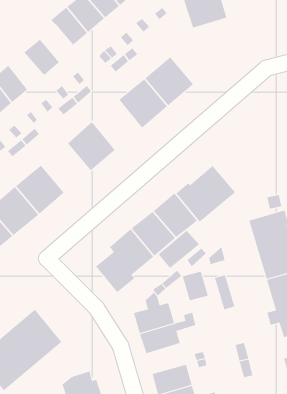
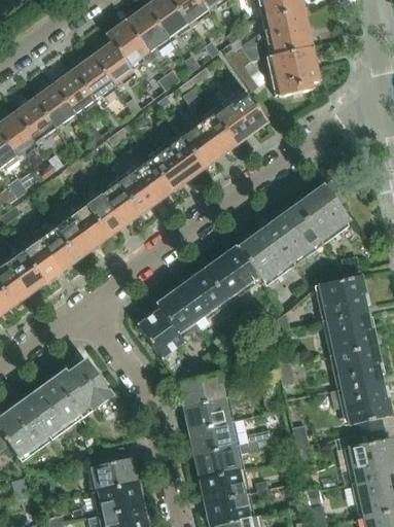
building: none -> [268,47,318,96]
building: none -> [224,46,261,92]
building: none -> [92,42,132,85]
building: none -> [52,71,93,114]
building: none -> [145,134,202,191]
building: none -> [280,181,349,250]
building: none -> [82,180,139,237]
building: [158,230,200,269] -> none
building: [182,271,209,301] -> none
building: none -> [67,359,112,410]
building: none -> [188,421,235,454]

